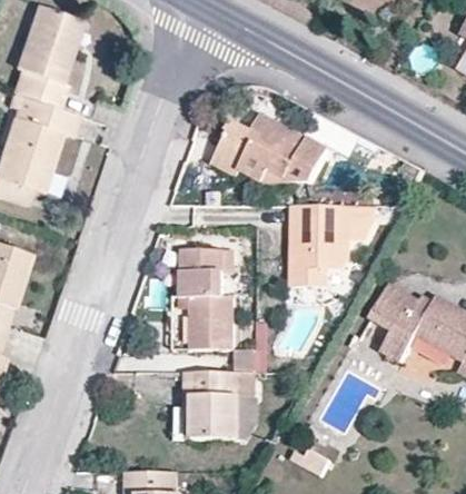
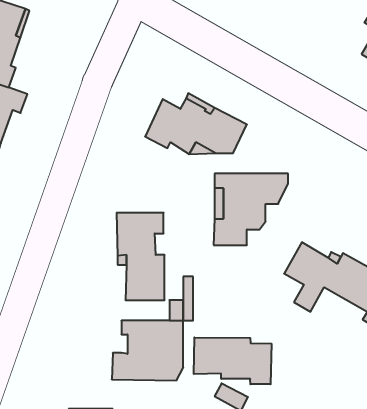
building: none -> [194,337,271,384]

